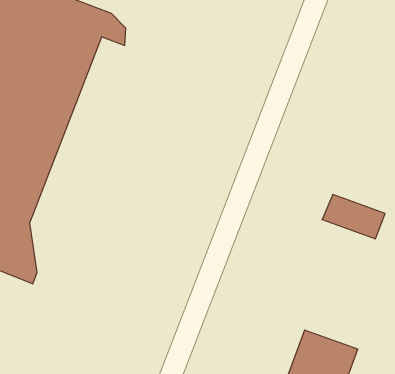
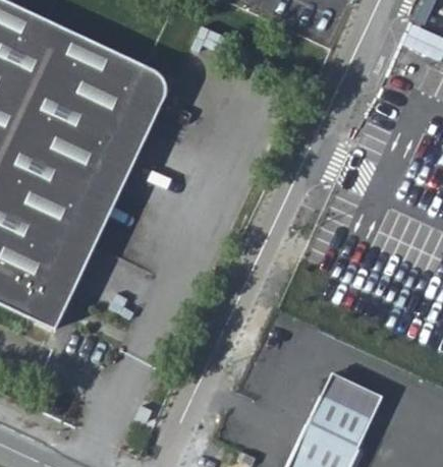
building: none -> [54,89,160,318]
building: [322,194,385,239] -> [321,368,384,415]

